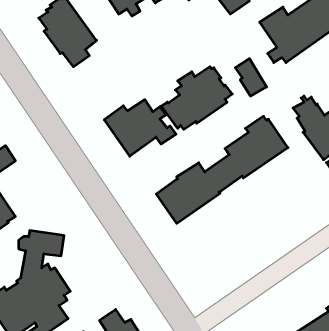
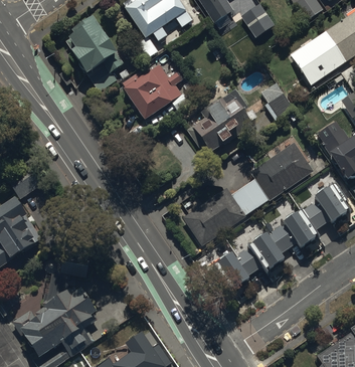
building: [104,100,176,156] -> [120,65,191,122]
building: none -> [217,184,348,288]

